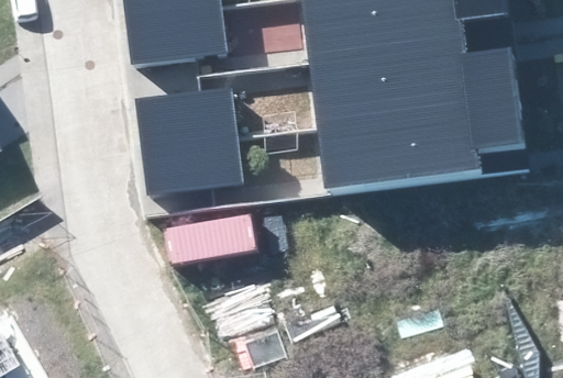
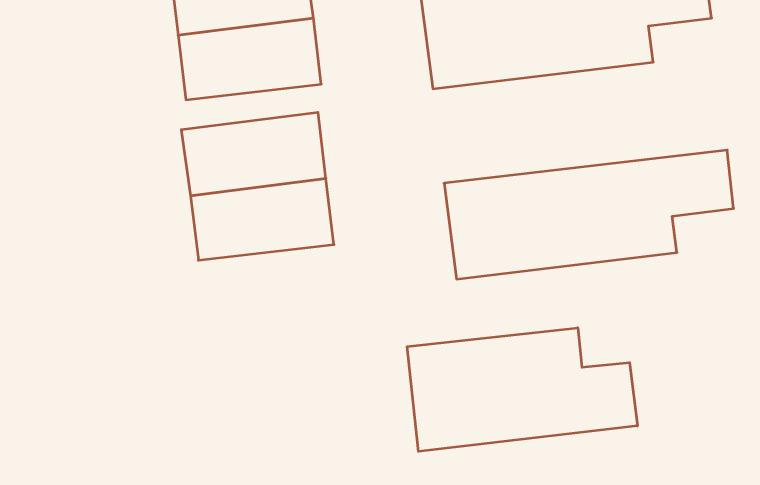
building: [310,44,516,129] -> none
building: none -> [407,328,637,451]

